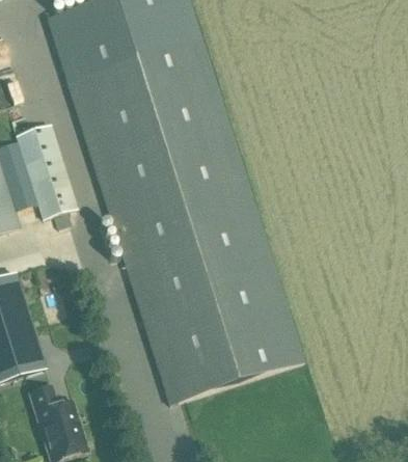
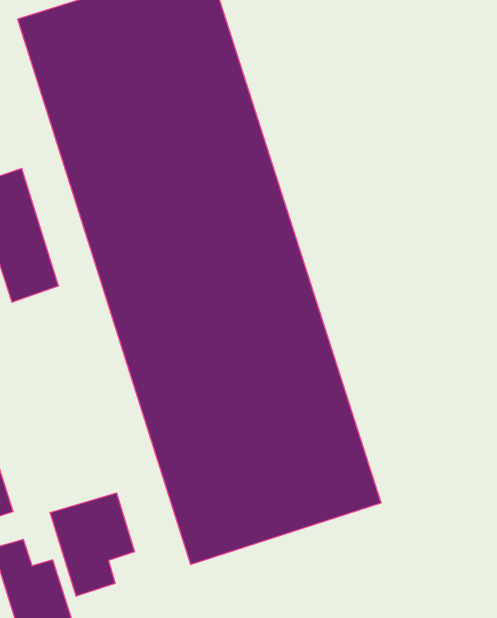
building: none -> [50,493,134,596]

